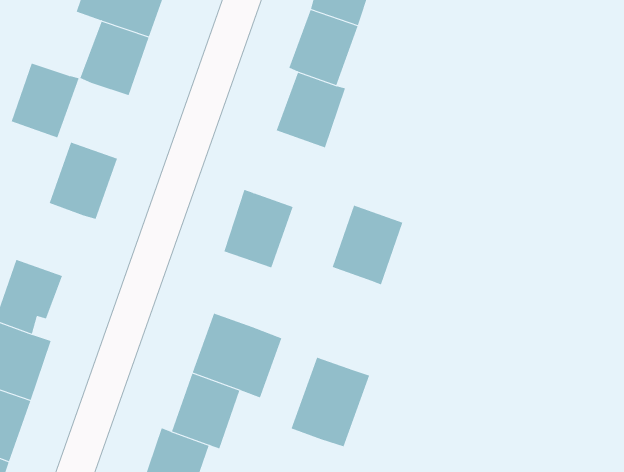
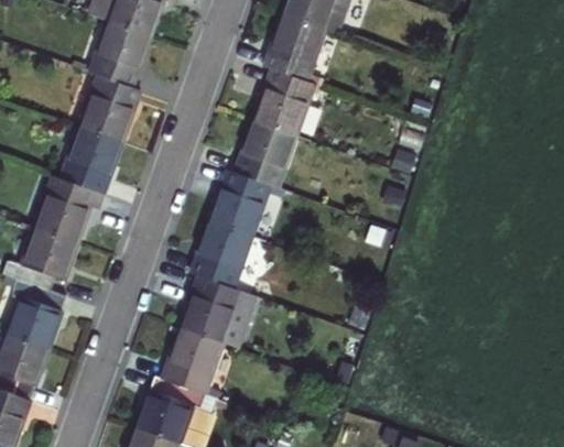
building: [11,63,80,138] -> [79,76,139,141]
building: none -> [32,176,101,242]
building: [332,205,403,285] -> [238,117,300,186]
building: none -> [195,221,253,286]
building: [291,357,370,447] -> none

